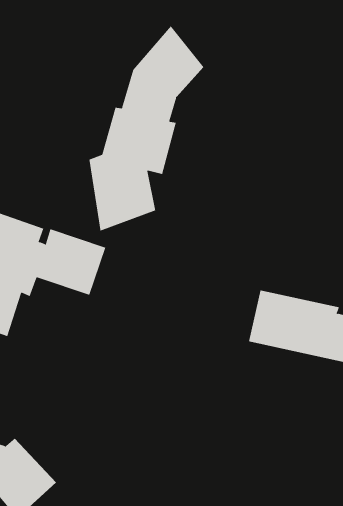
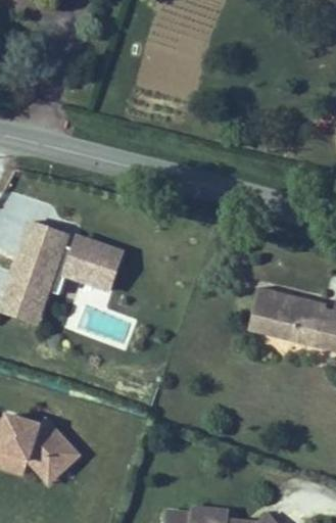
building: [89,26,204,232] -> none

